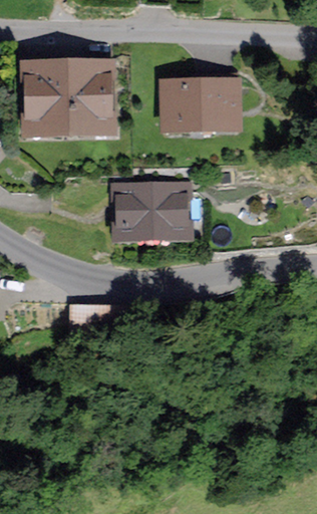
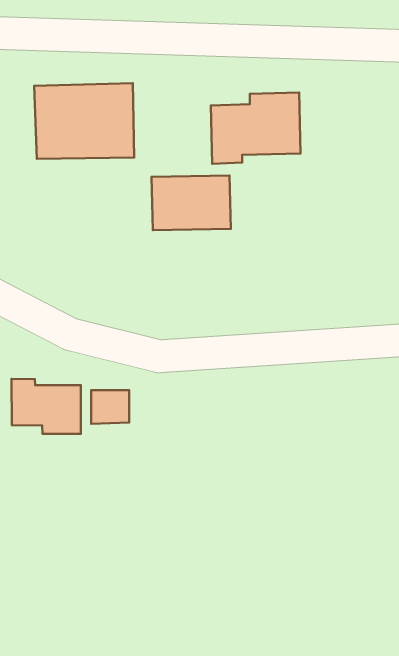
building: [121,190,183,232] -> [151,176,231,230]
building: none -> [12,379,81,434]

